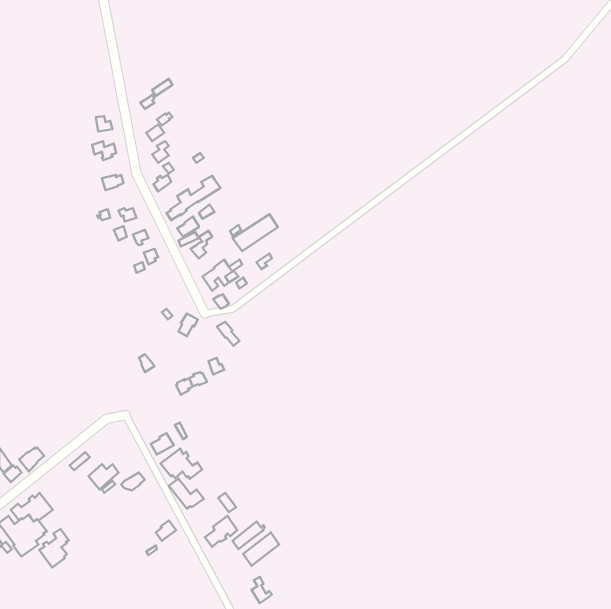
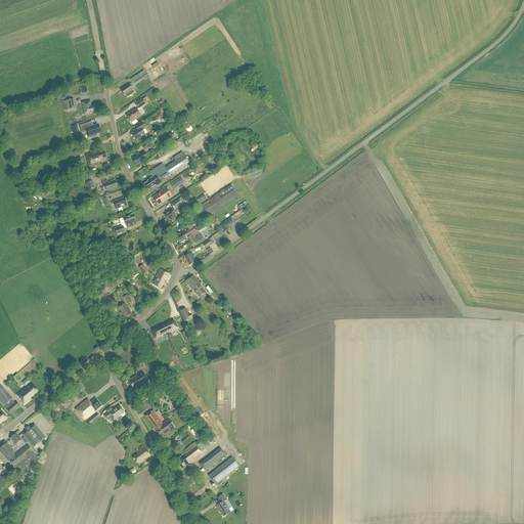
building: [161,449,202,479] -> none
building: [39,529,69,568] -> none

